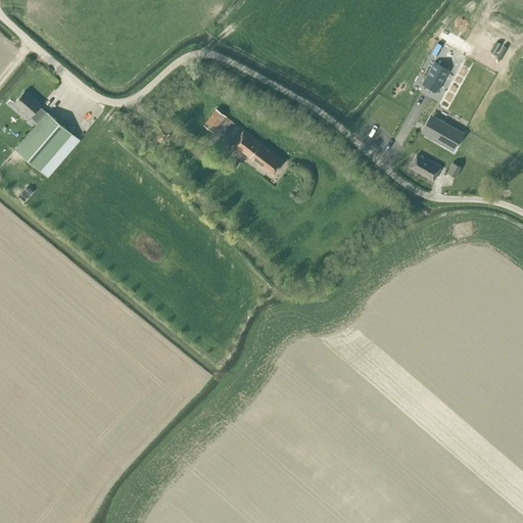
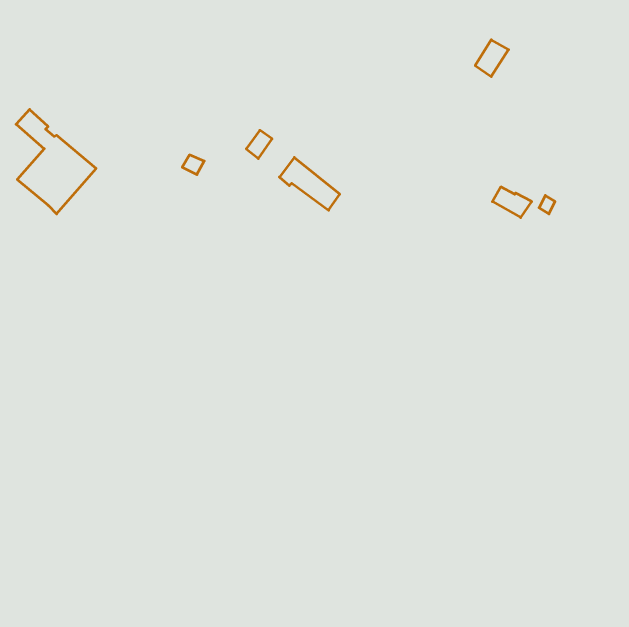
building: [421,63,448,94] -> [475,40,509,77]
building: [430,121,464,151] -> none

